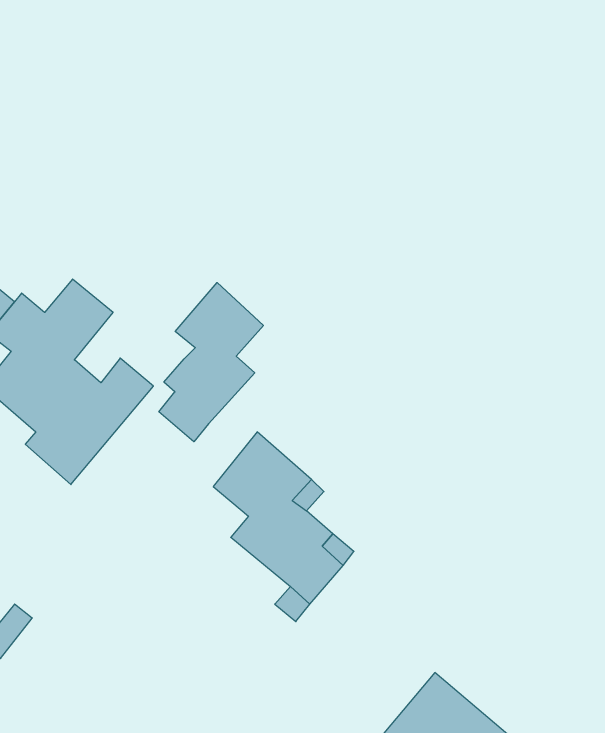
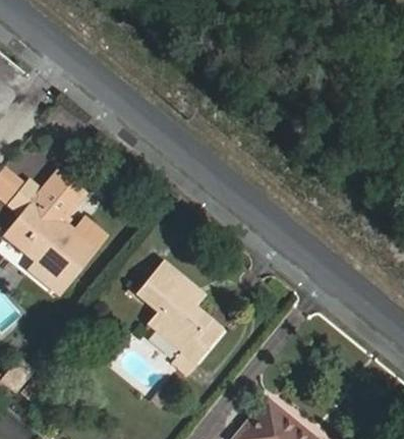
building: [159,283,263,442] -> none

